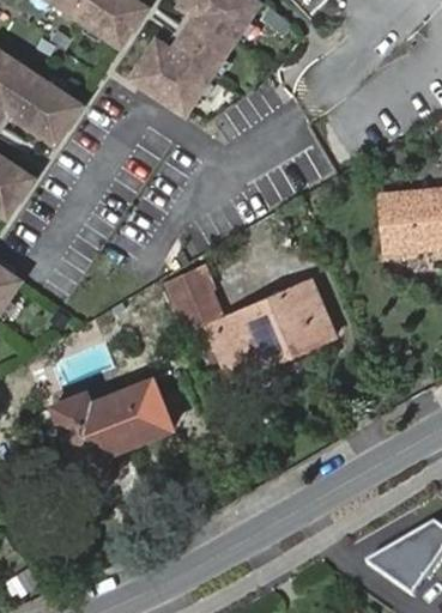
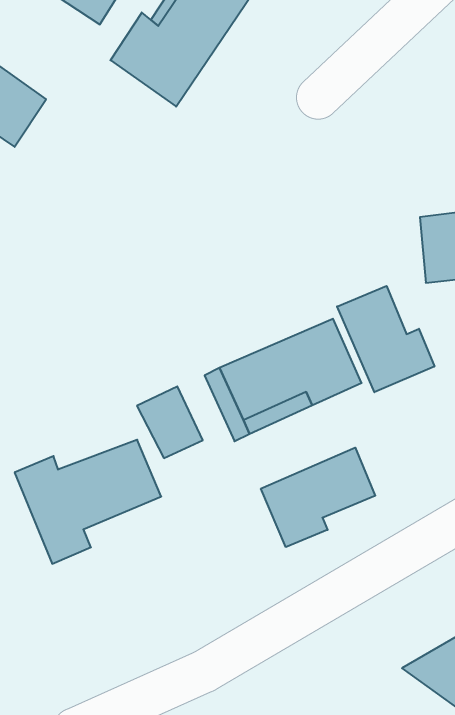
building: none -> [337,286,434,392]
building: [168,271,220,328] -> [137,386,203,458]
building: none -> [261,448,375,547]

